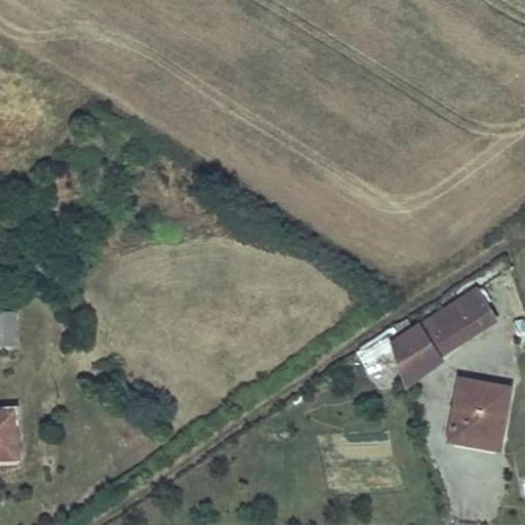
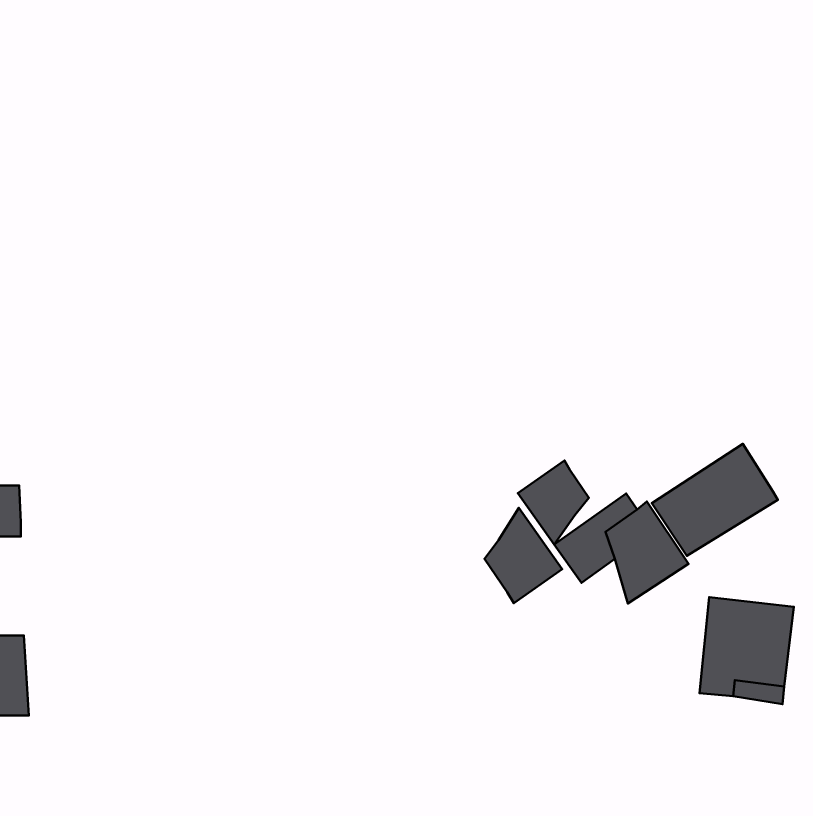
building: none -> [518,461,589,545]
building: none -> [485,508,562,603]

